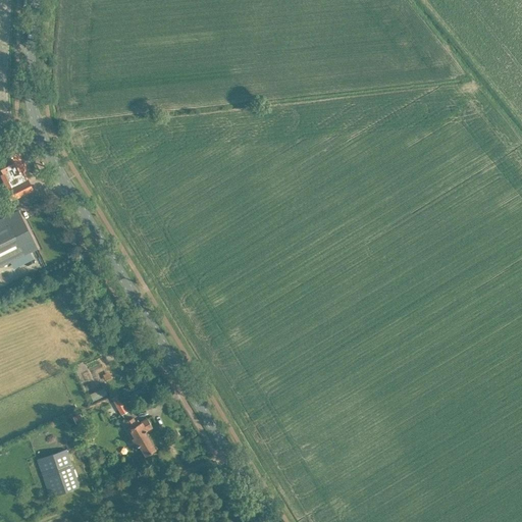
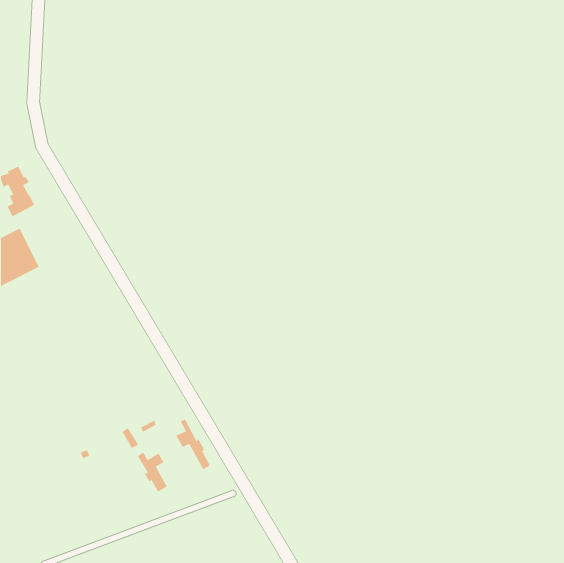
building: none -> [175,419,211,470]
building: [37,452,80,499] -> none

